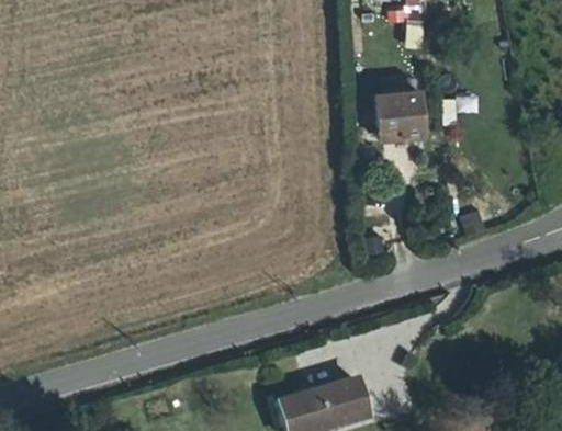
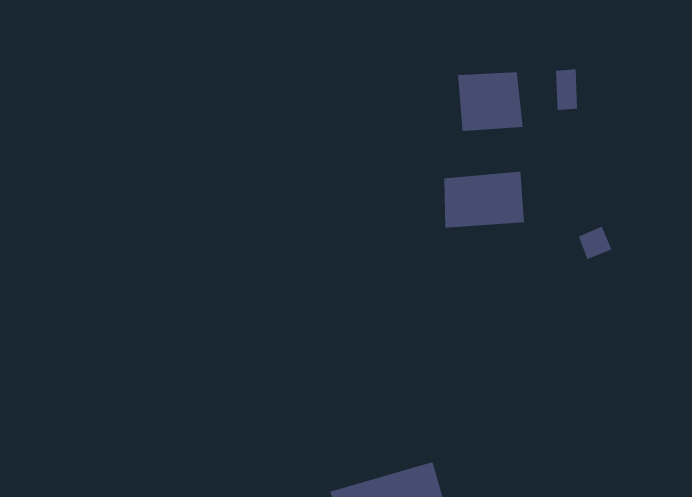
building: none -> [443,171,525,229]

